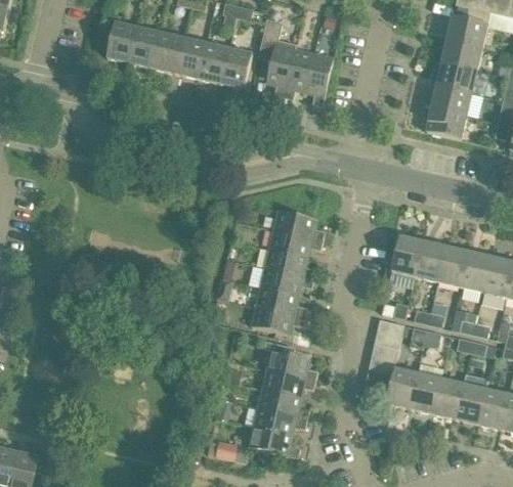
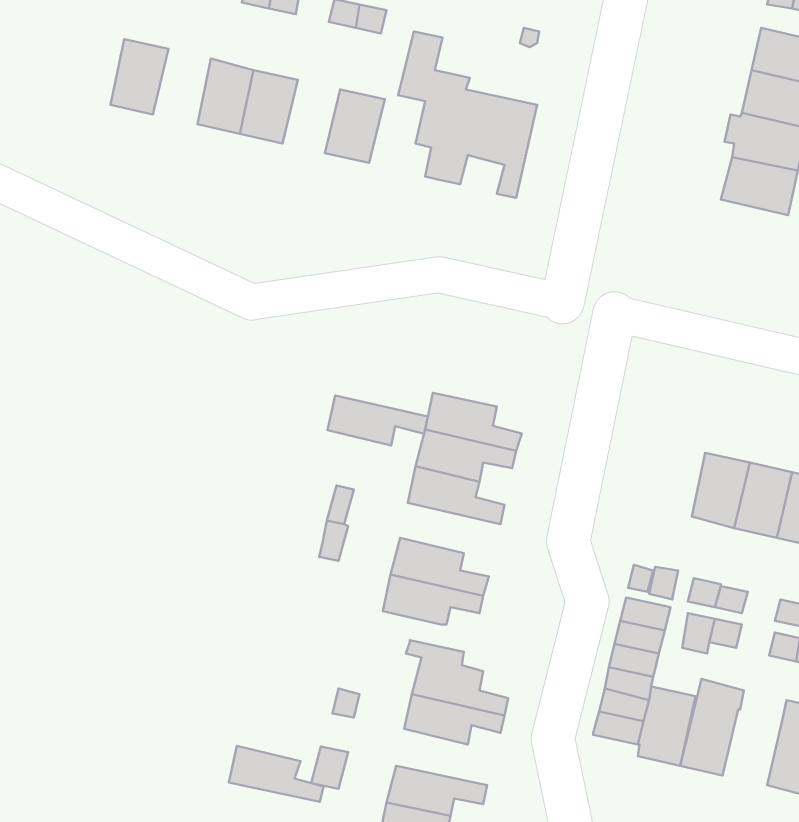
building: [130,28,161,68] -> none
building: [199,44,229,83] -> none
building: [426,107,467,138] -> none
building: [392,235,423,275] -> none
building: [261,268,314,295] -> [328,395,428,446]
building: [432,378,464,417] -> none
building: [259,388,309,417] -> [229,746,324,802]

